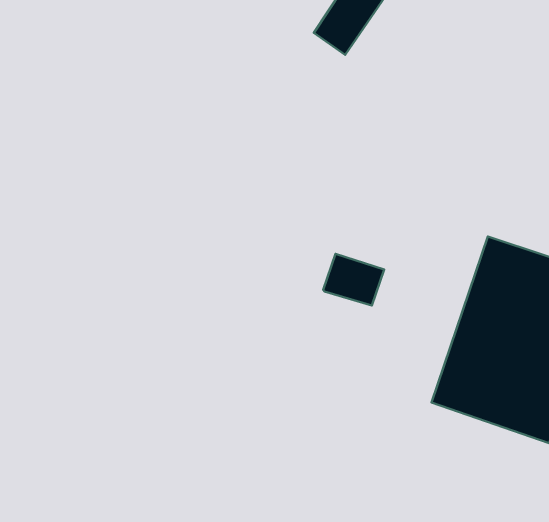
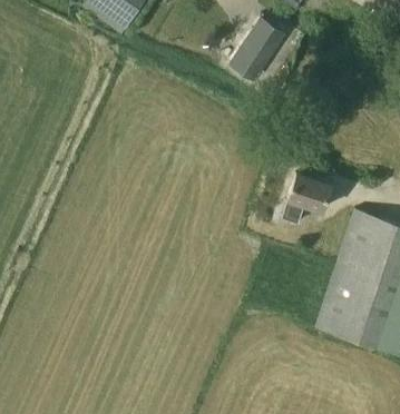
building: [323,254,384,306] -> [289,175,332,211]

